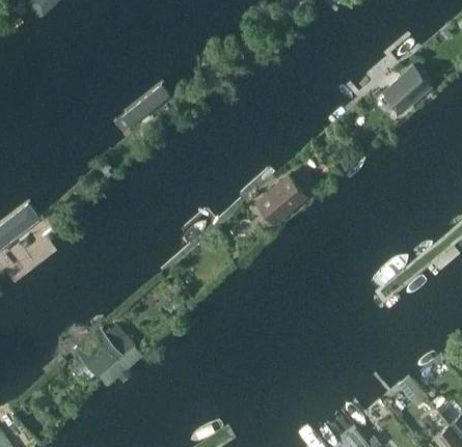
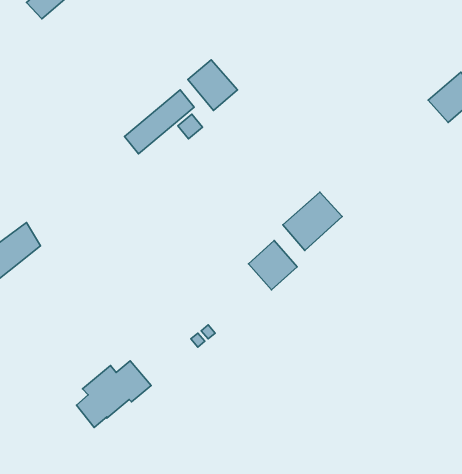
building: none -> [188,60,237,111]
building: none -> [248,241,297,290]

